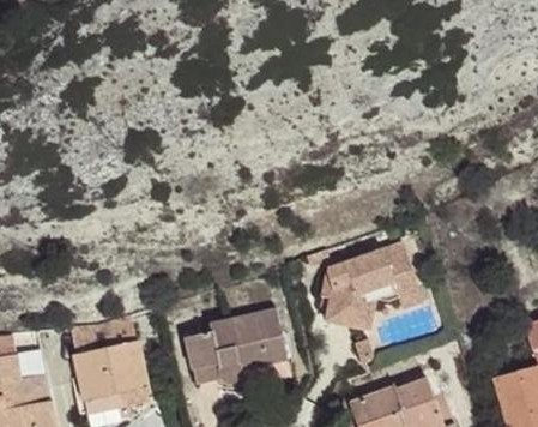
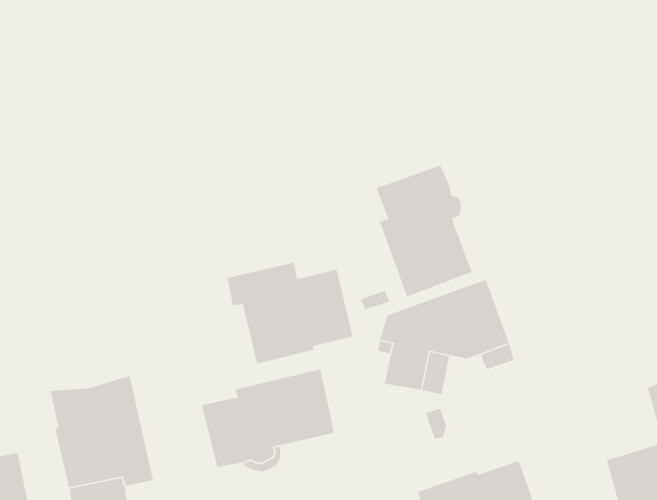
building: none -> [375,165,473,297]
building: none -> [227,262,353,365]

